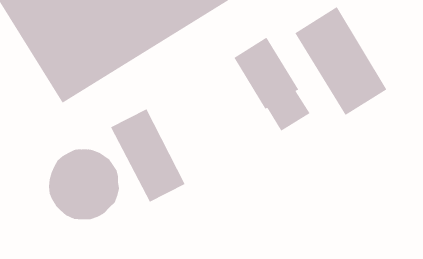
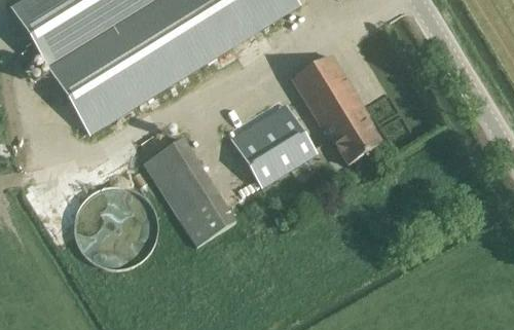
building: [295,6,387,116] -> none
building: none -> [235,111,316,186]

